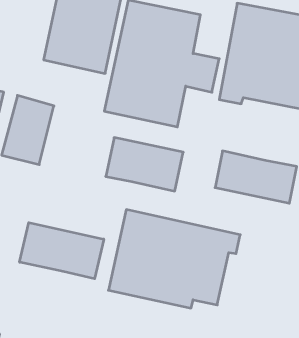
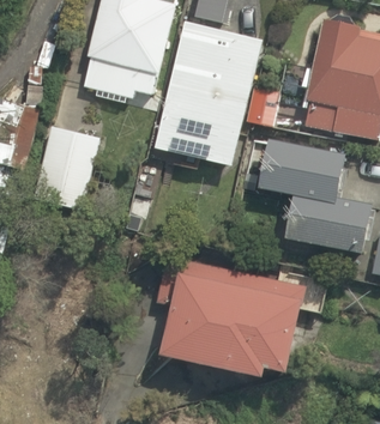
building: [106,138,183,191] -> [257,140,345,201]
building: [20,223,104,279] -> none

